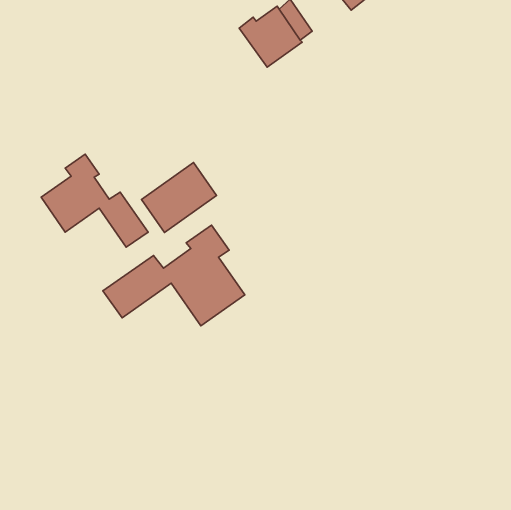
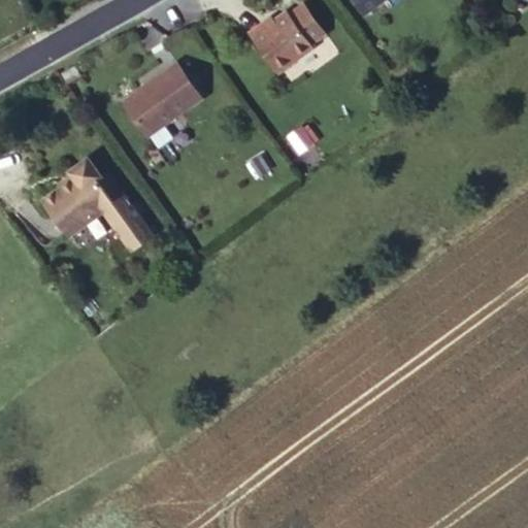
building: [141,163,216,233] -> [125,64,202,136]
building: [103,225,245,326] -> none

